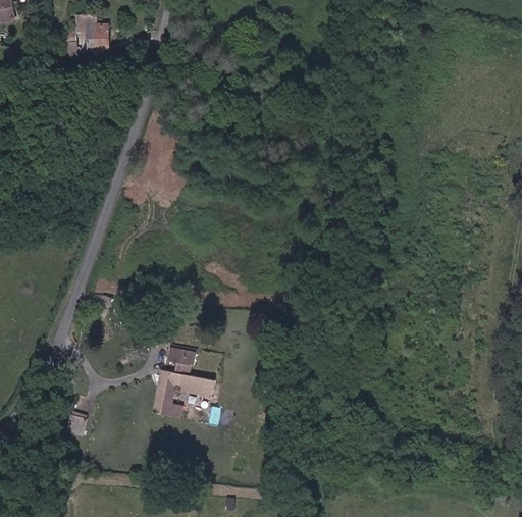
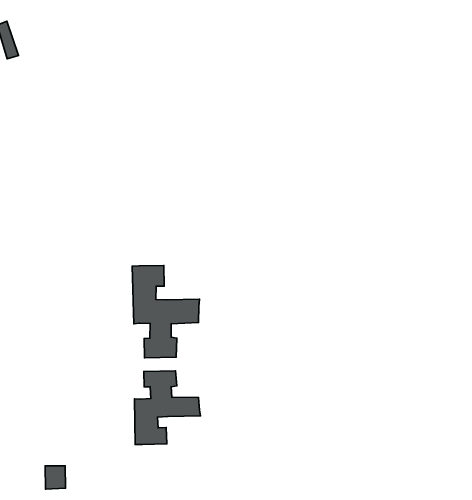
building: none -> [132,266,199,358]

